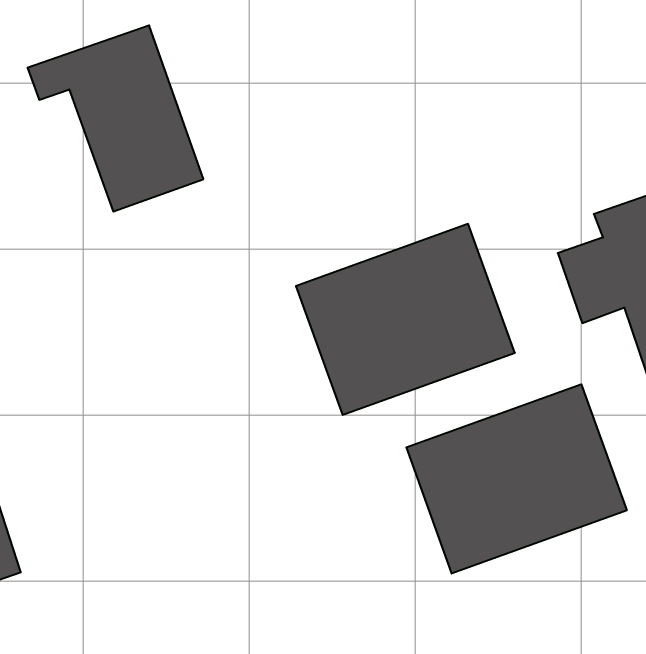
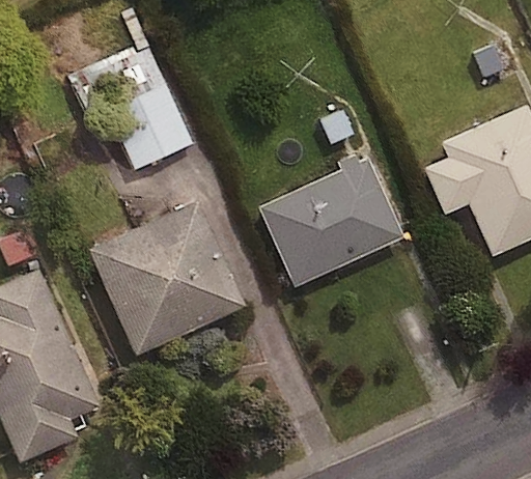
building: none -> [89,202,243,354]
building: [406,384,627,574] -> none

